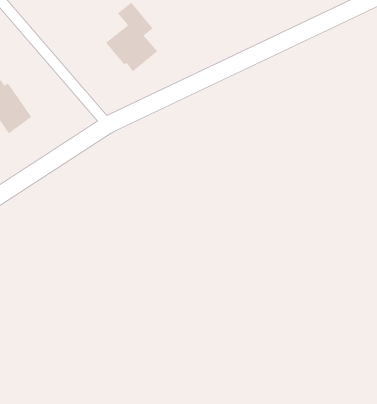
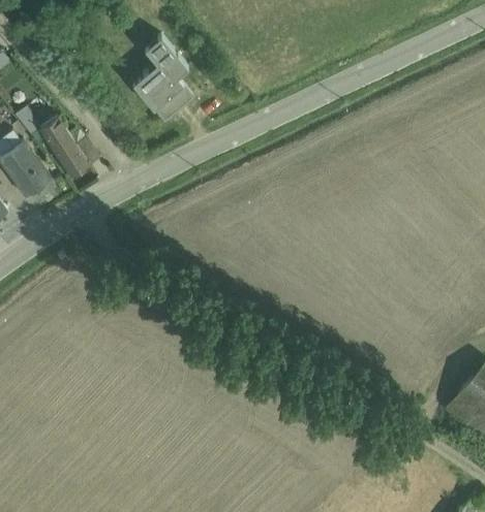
building: none -> [38,115,89,175]

